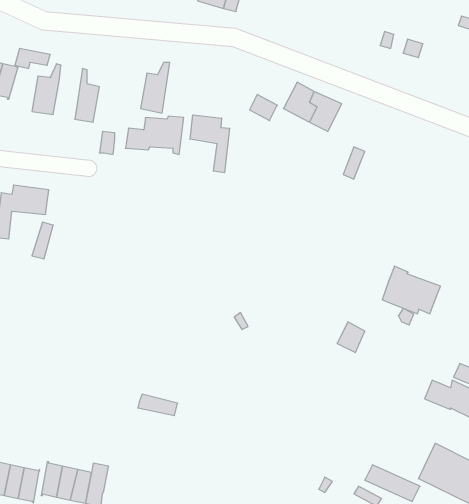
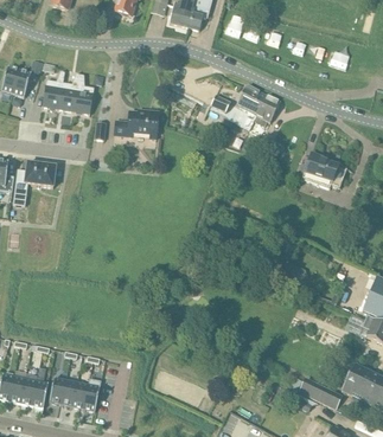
building: [141,62,170,113] -> [58,73,81,113]
building: [190,115,229,173] -> none
building: [382,266,440,314] -> [302,152,347,188]

